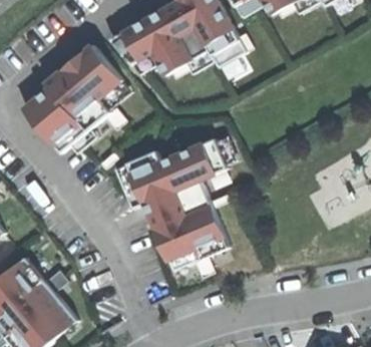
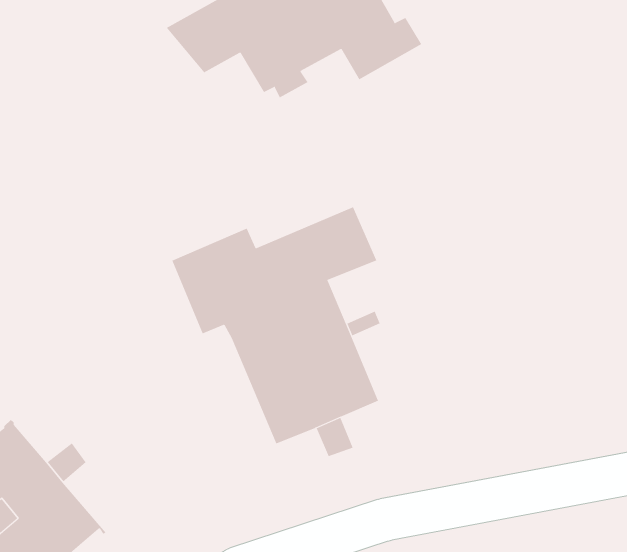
building: [22,43,120,151] -> none

